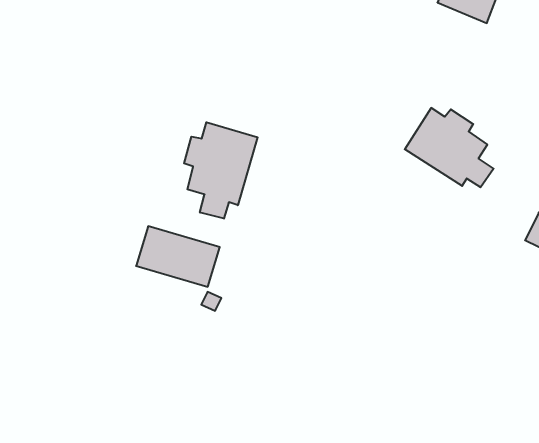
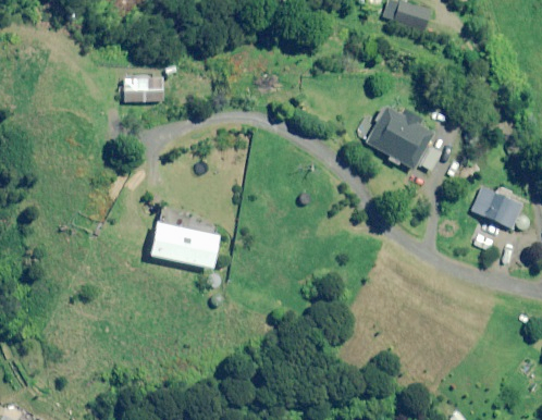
building: none -> [124,76,161,102]
building: [184,122,258,219] -> none

